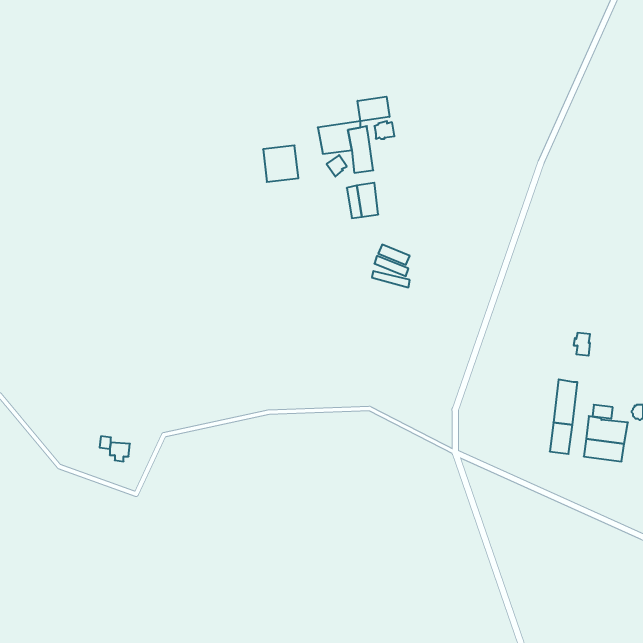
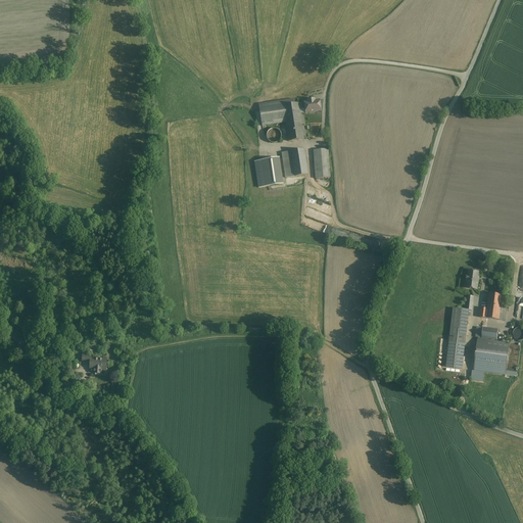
building: [358,97,389,121] -> none
building: [263,145,298,182] -> [253,156,282,186]
building: none -> [313,148,329,178]
building: none -> [479,293,502,319]

